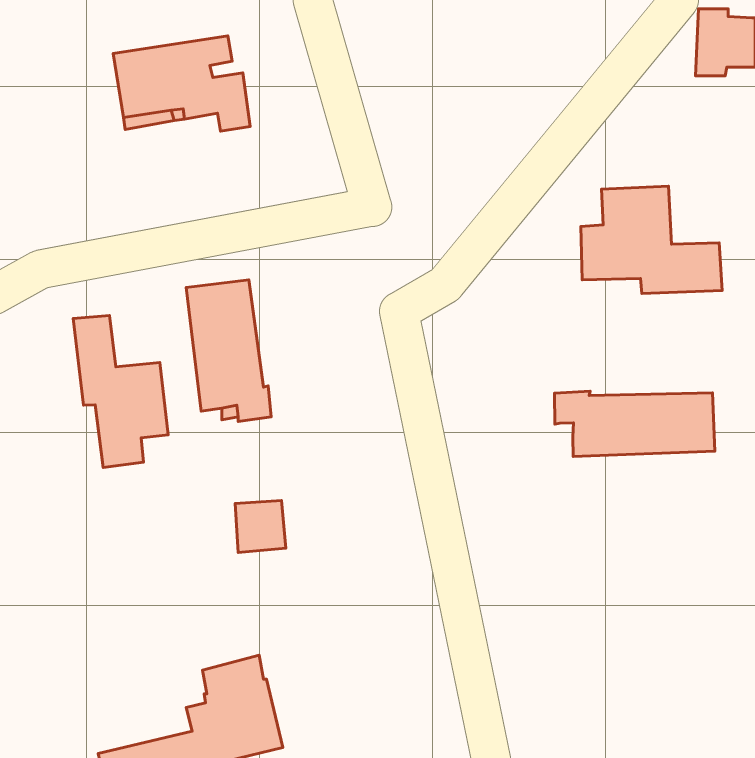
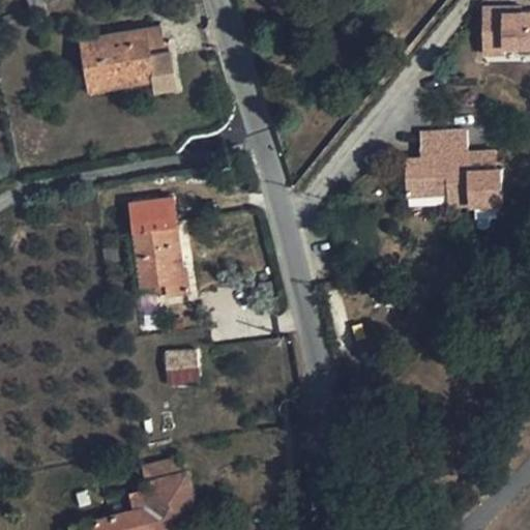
building: [73,315,168,467] -> none
building: [554,391,715,457] -> none

